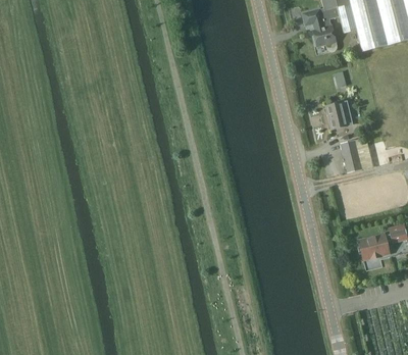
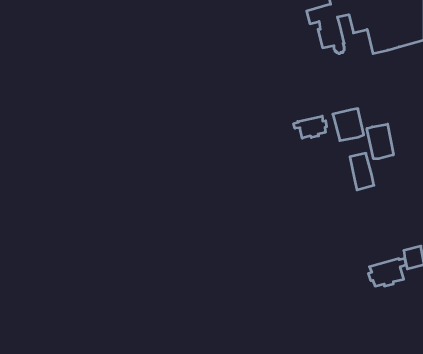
building: none -> [294,116,327,138]
building: none -> [367,124,393,159]

